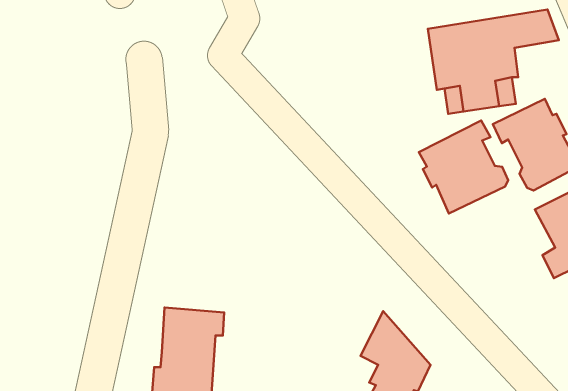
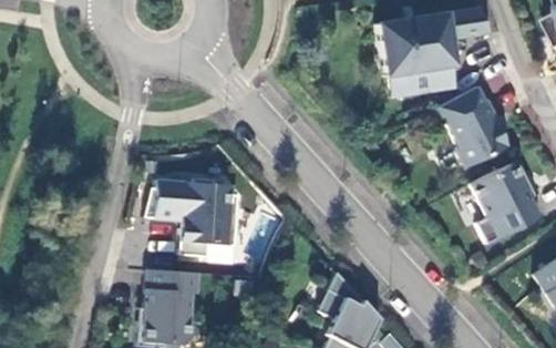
building: [419,120,508,214] -> none
building: none -> [144,177,238,256]

